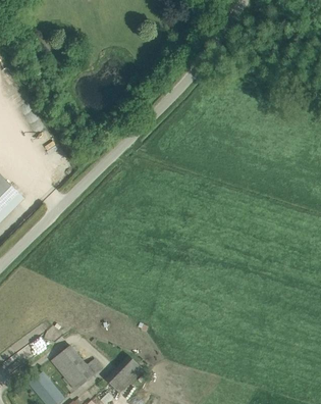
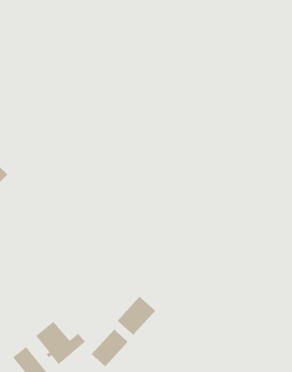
building: none -> [117,296,156,336]

